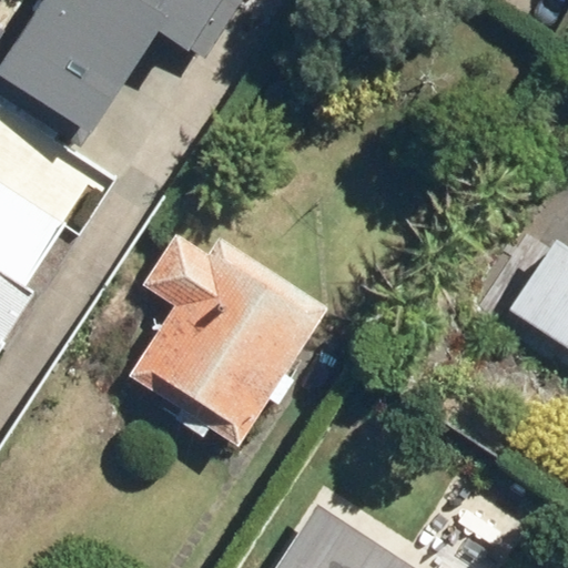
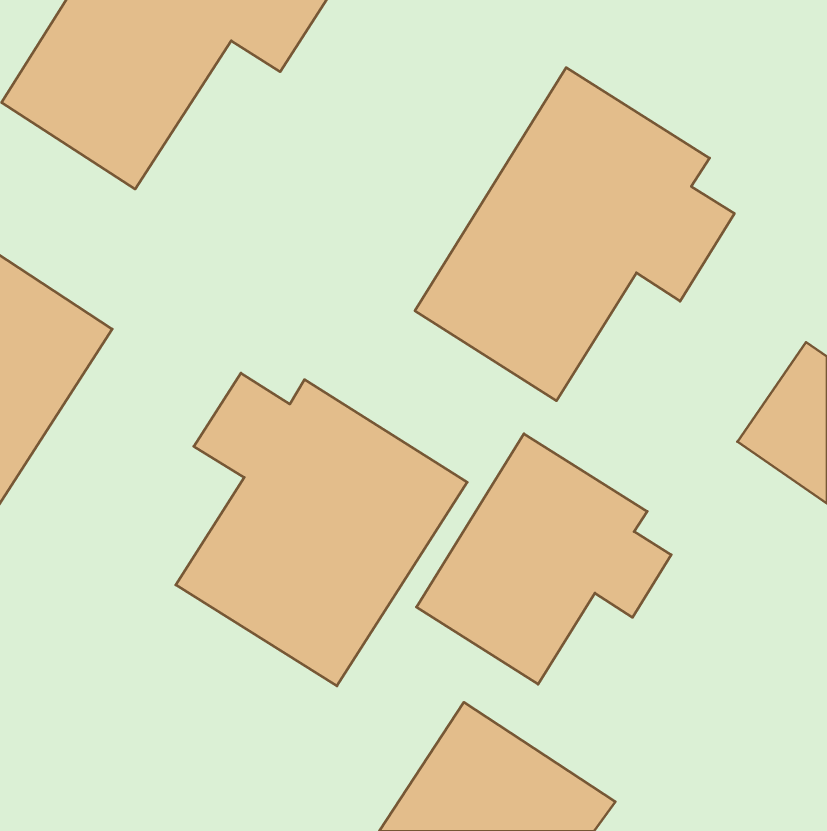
building: none -> [415,68,734,401]
building: none -> [416,434,671,684]

